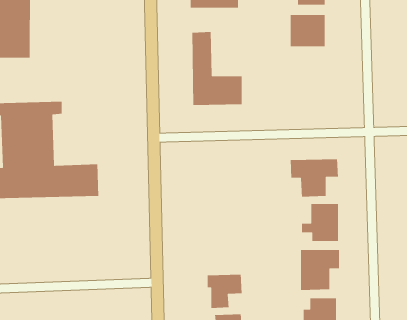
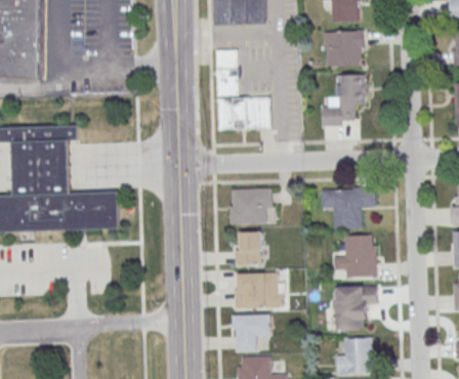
building: none -> [322,75,368,126]
building: none -> [230,187,273,223]
building: none -> [235,231,263,264]
building: none -> [234,273,284,308]

